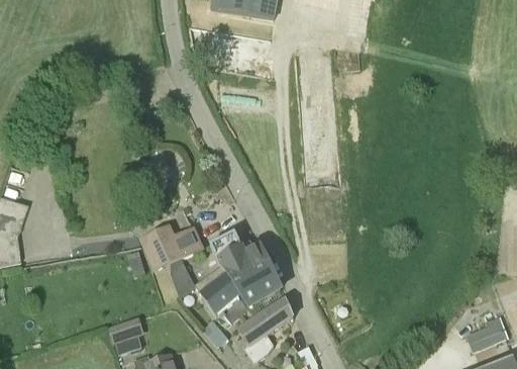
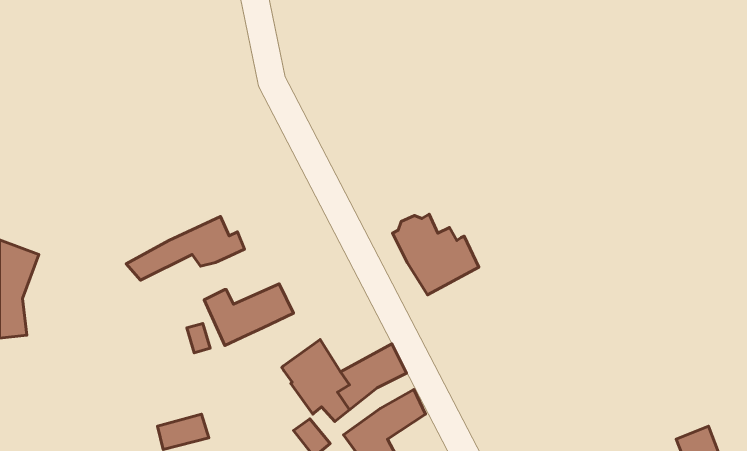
building: none -> [126,217,244,280]
building: [211,230,271,286] -> [392,214,479,295]
building: [171,256,196,296] -> none

